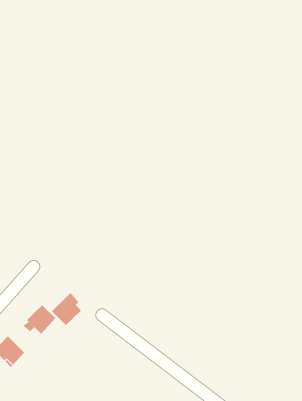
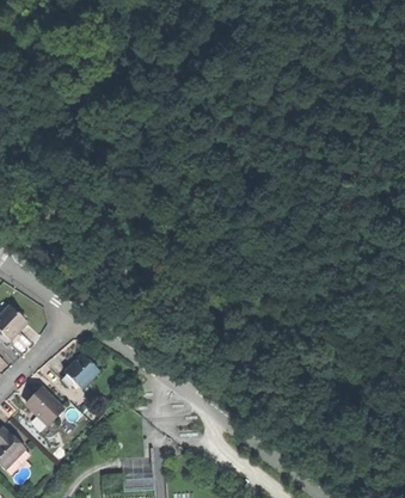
building: [51,292,82,326] -> none

